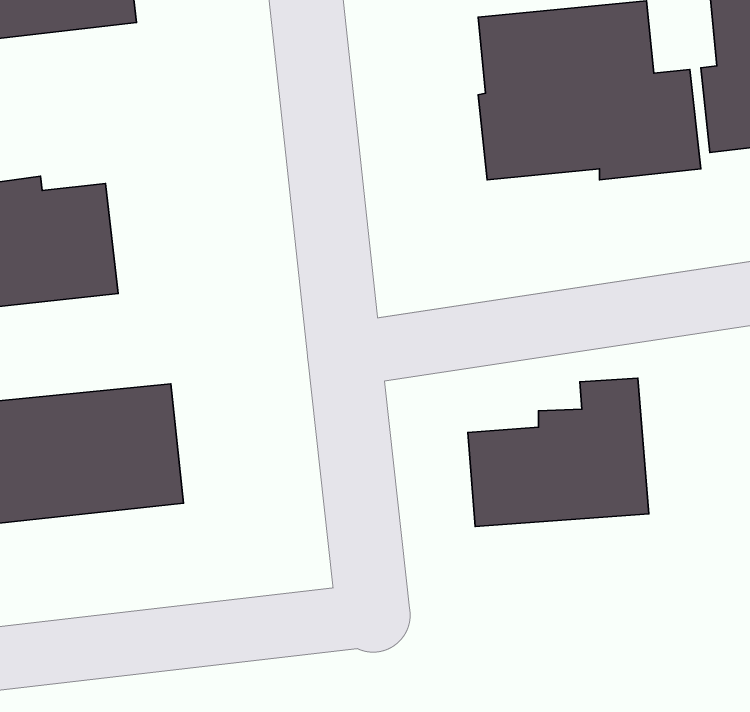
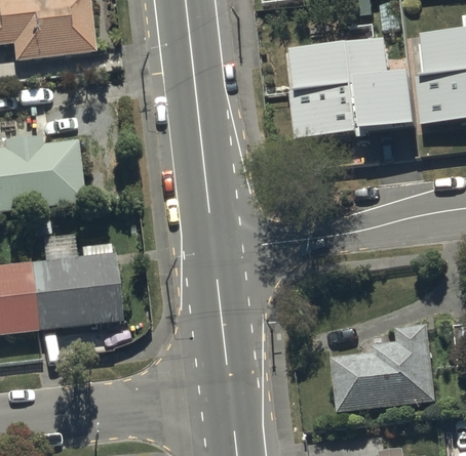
building: [468,378,649,526] -> [332,324,434,408]

